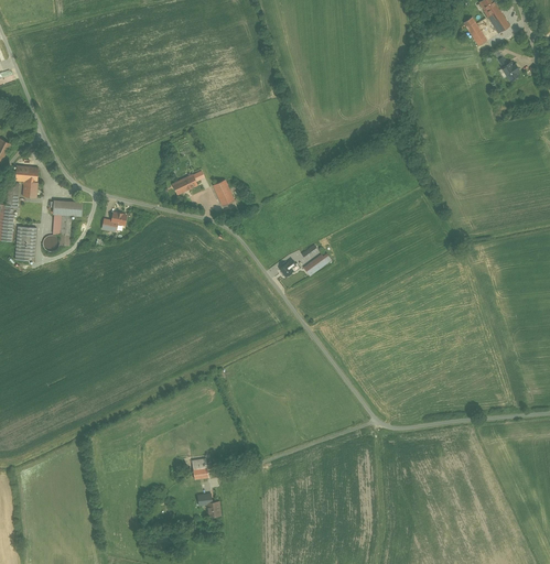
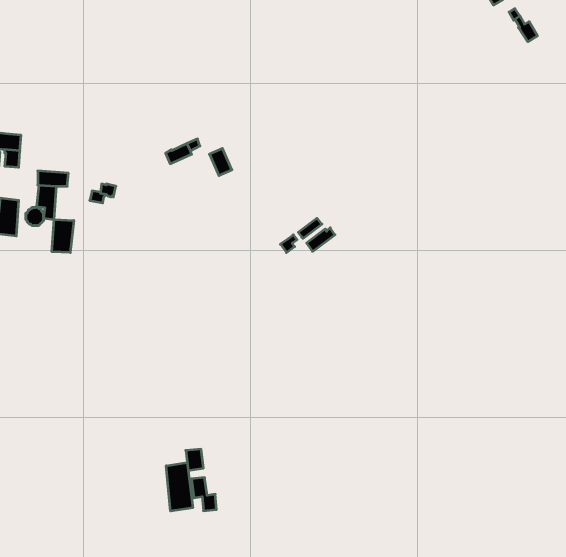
building: none -> [52,219,74,253]
building: none -> [166,463,193,511]

